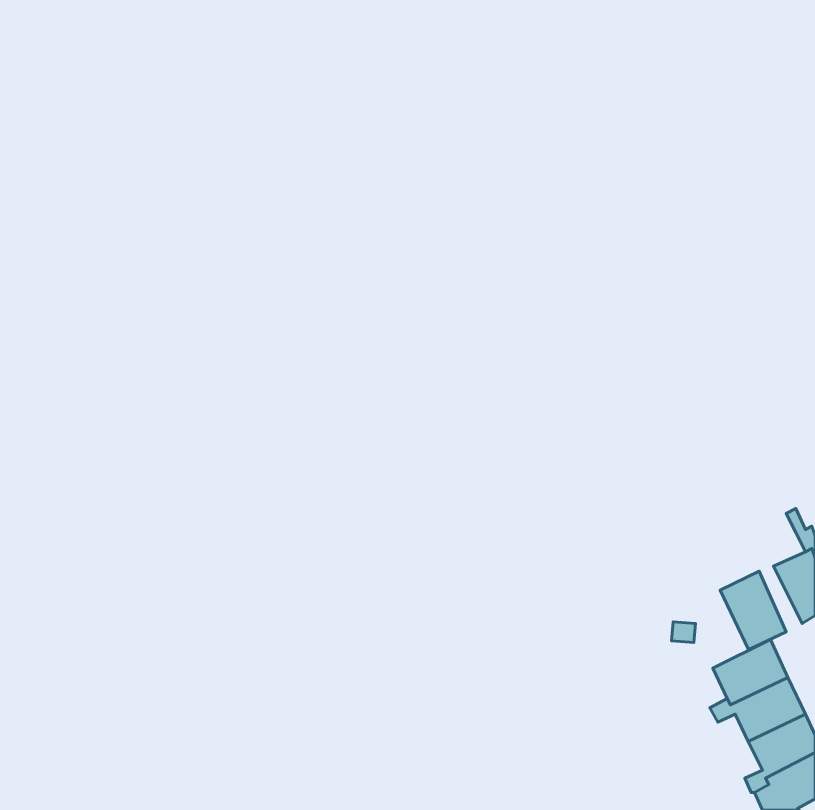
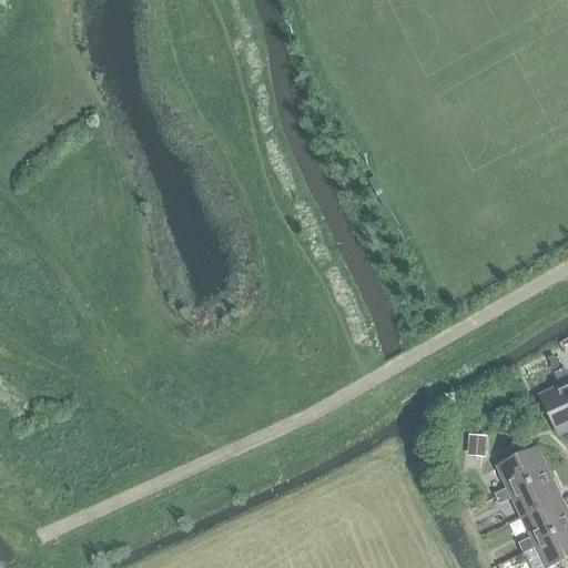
building: [720,571,786,650] -> none

